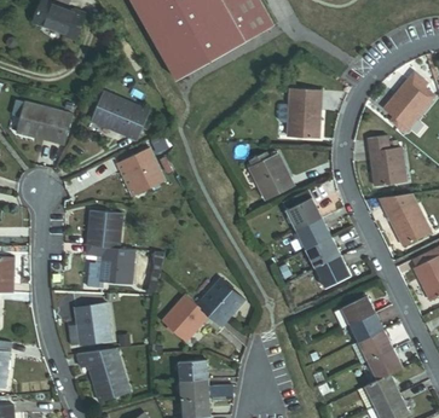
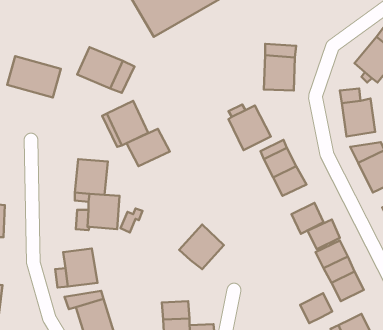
building: none -> [127,129,170,166]
building: [306,237,340,268] -> [308,219,340,249]
building: [162,295,209,342] -> none
building: [368,348,402,379] -> [300,293,332,323]

